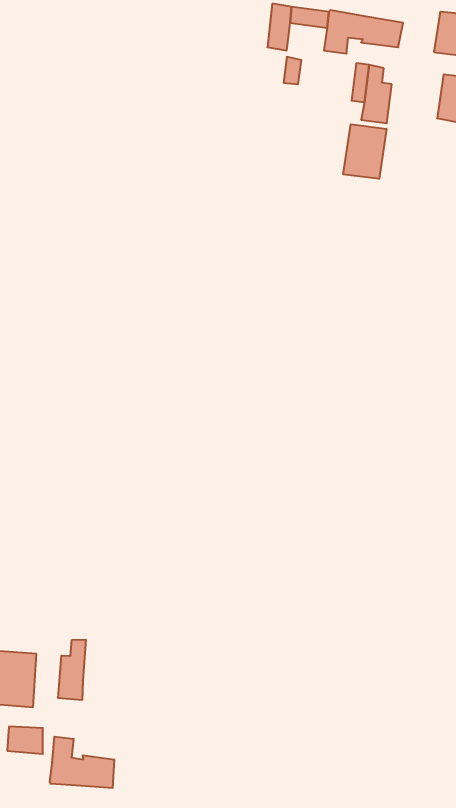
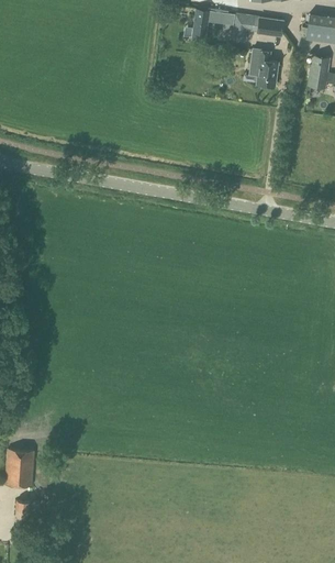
building: [343,124,386,179] -> none
building: [58,640,86,700] -> none
building: [50,737,114,788] -> none

